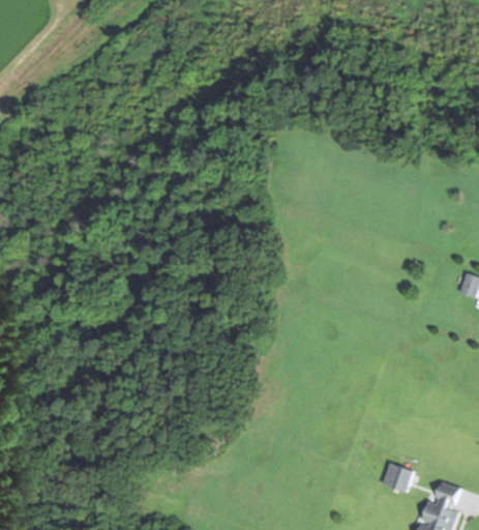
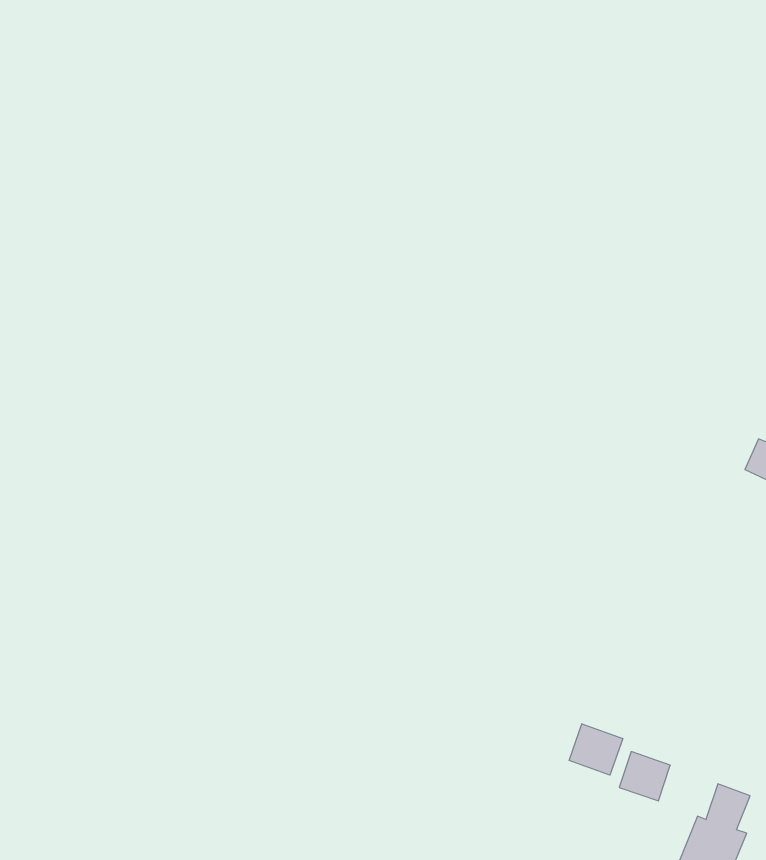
building: none -> [569,724,623,775]

